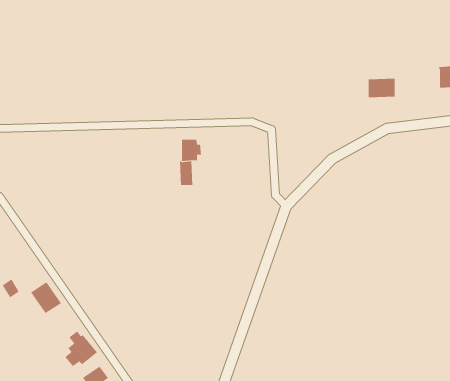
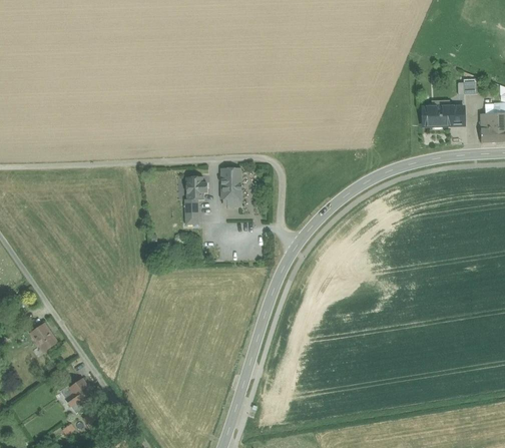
building: [368,78,395,98] -> [421,105,449,125]
building: none -> [219,167,240,206]

